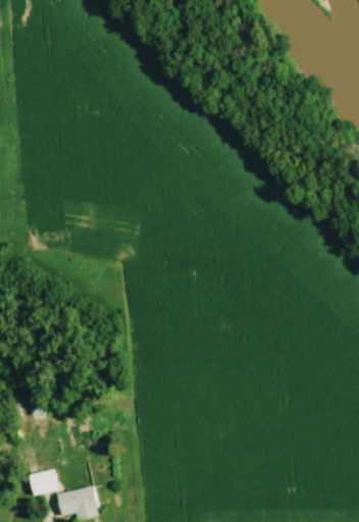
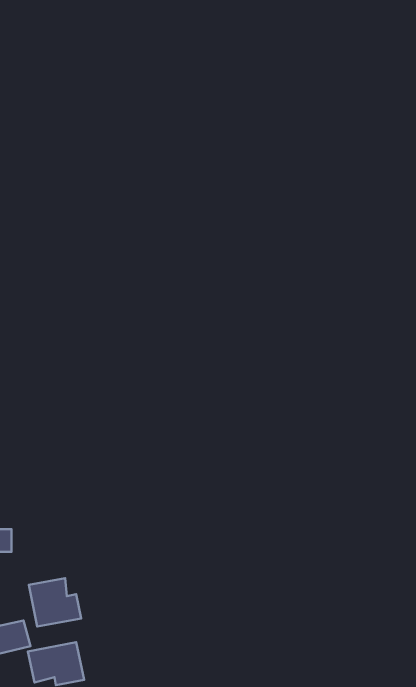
building: none -> [29,578,81,627]

